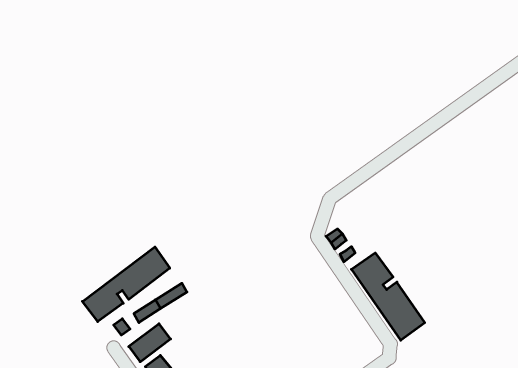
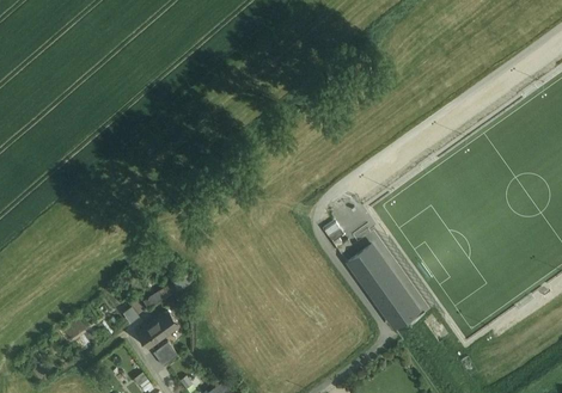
building: [82,247,170,322] -> none

